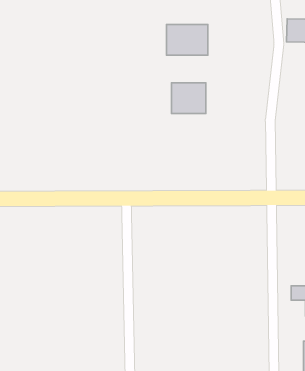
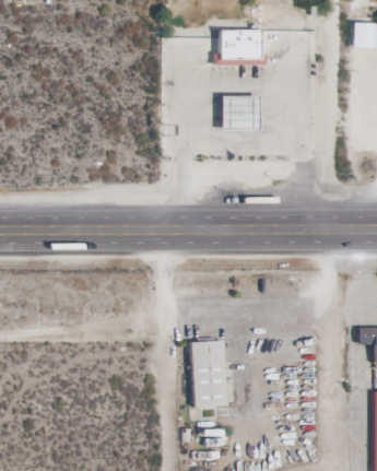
building: none -> [191,340,226,407]

